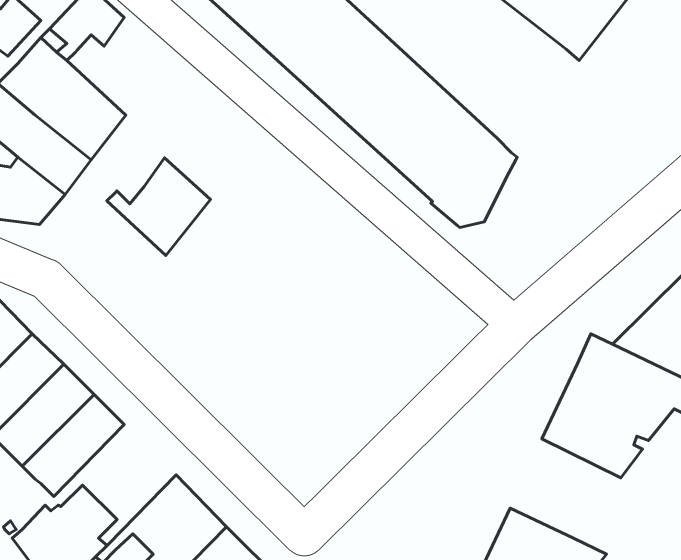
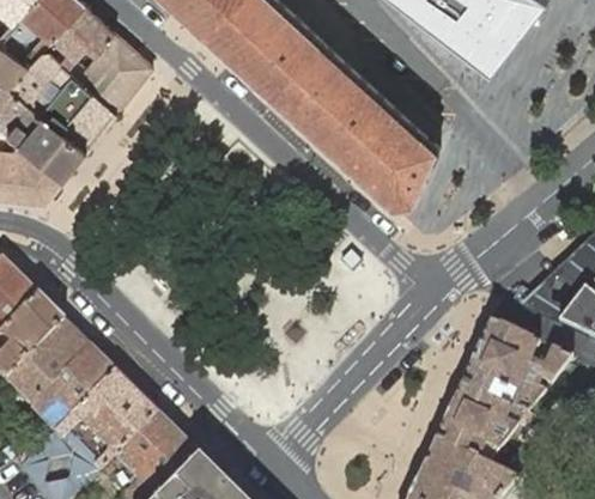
building: [107,158,210,256] -> [65,34,151,115]
building: none -> [47,372,156,473]
building: none -> [433,384,526,467]

